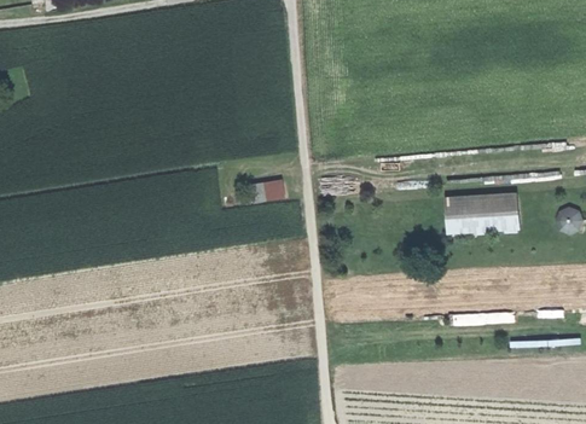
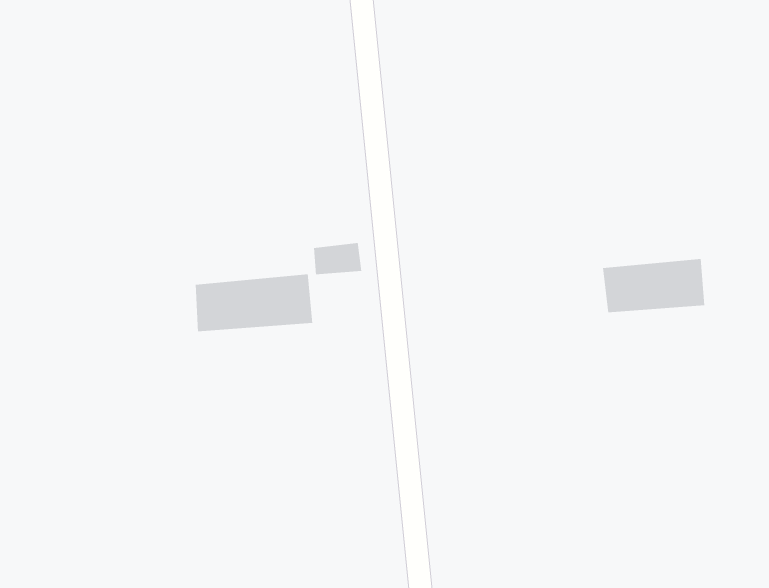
building: none -> [195,274,313,332]

